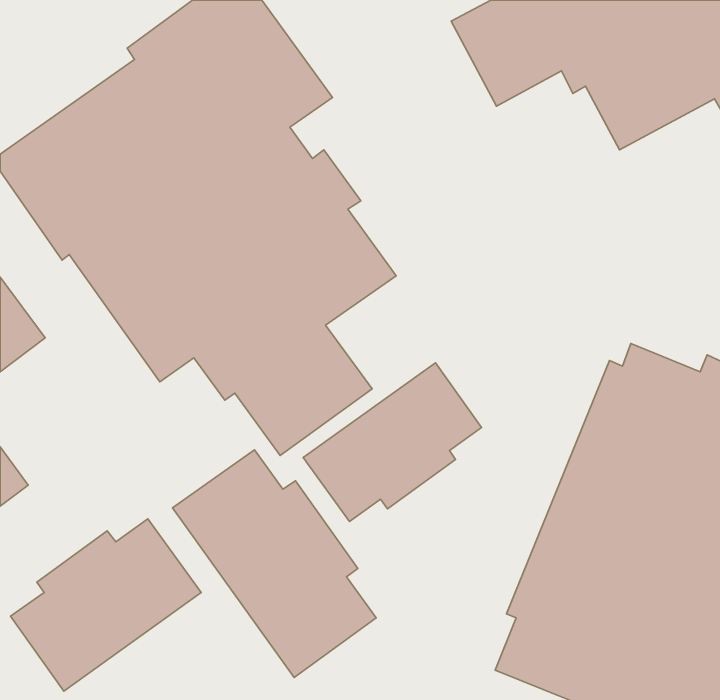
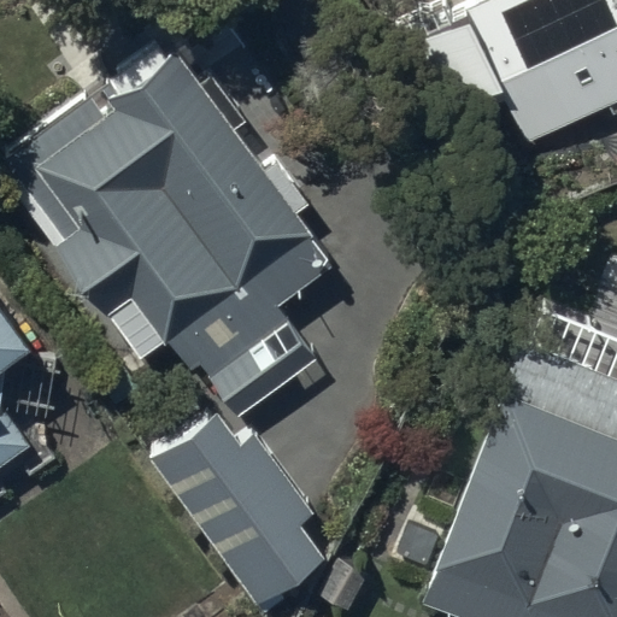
building: [303,363,482,521] -> none
building: [11,519,201,691] -> none

